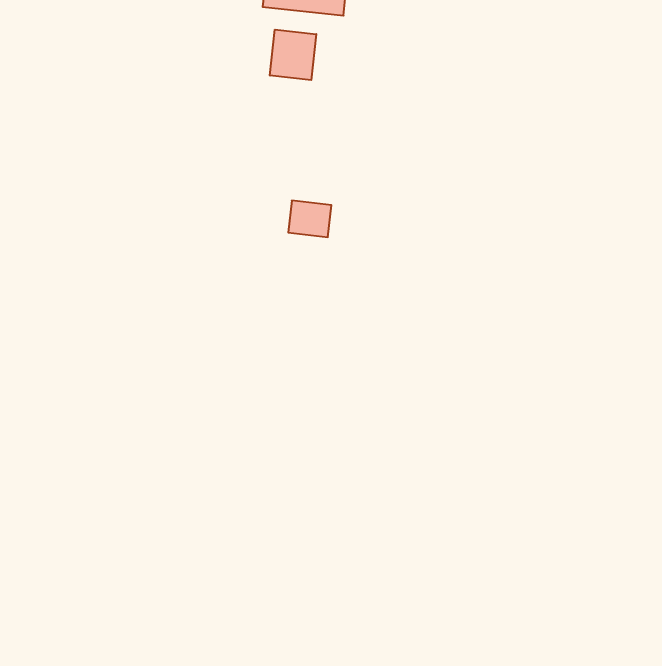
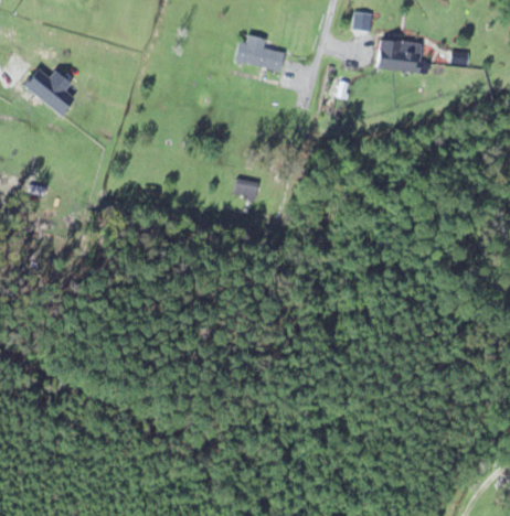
building: [270,30,316,80] -> none

